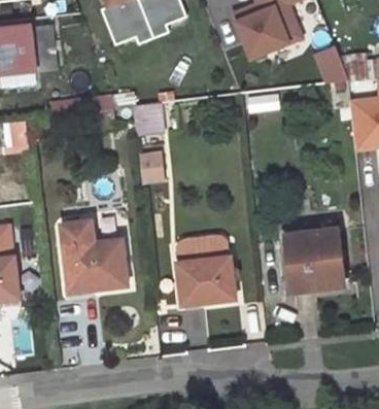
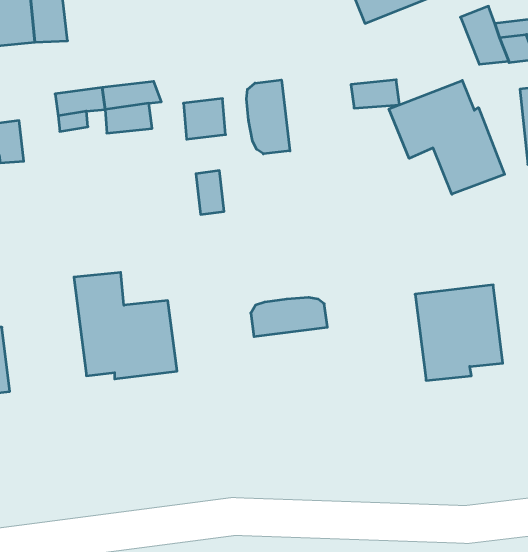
building: none -> [246,80,290,154]
building: none -> [389,80,505,194]
building: [177,257,235,303] -> none

